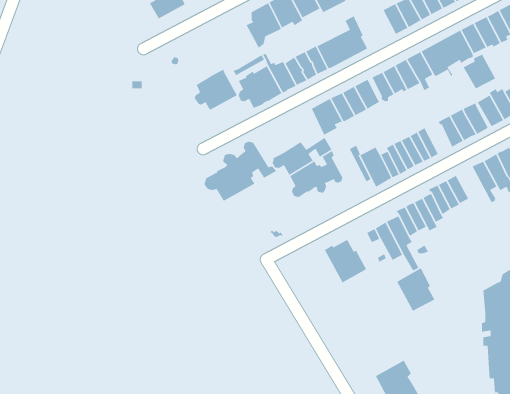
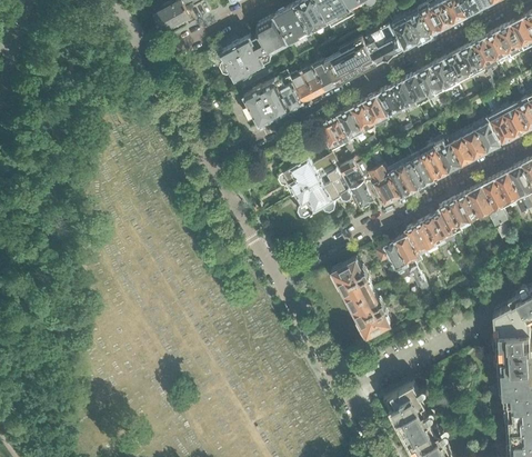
building: none -> [364,28,403,63]
building: [463,54,496,89] -> none
building: [193,68,238,111] -> [220,36,265,79]
building: none -> [433,133,463,171]
building: [204,141,277,202] -> none
building: none -> [341,160,375,207]
building: none -> [468,183,509,238]
building: [396,267,435,312] -> [351,289,391,335]

